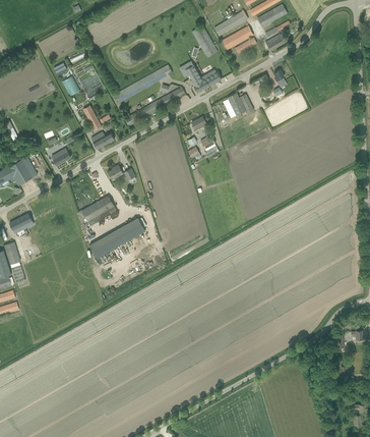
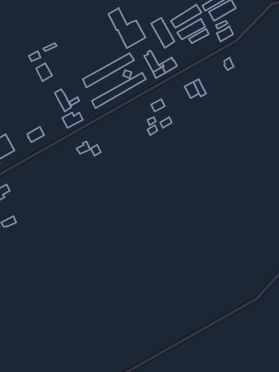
building: none -> [109,8,146,48]
building: [80,196,116,221] -> none
building: [88,218,146,257] -> none

